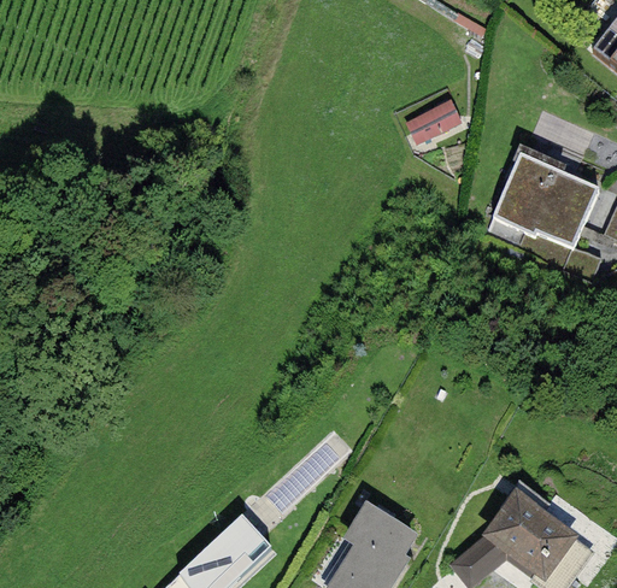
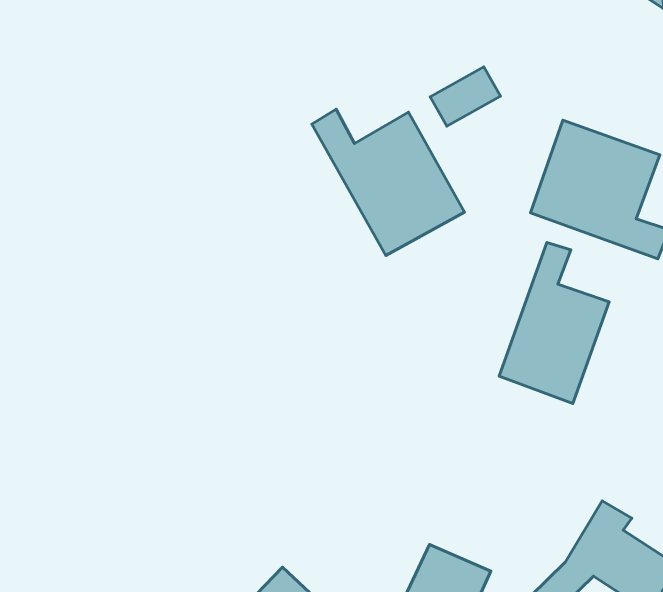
building: none -> [312,109,465,256]
building: none -> [499,242,609,404]

